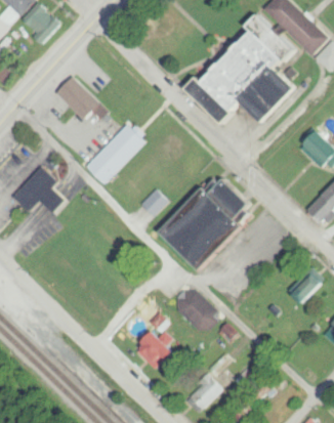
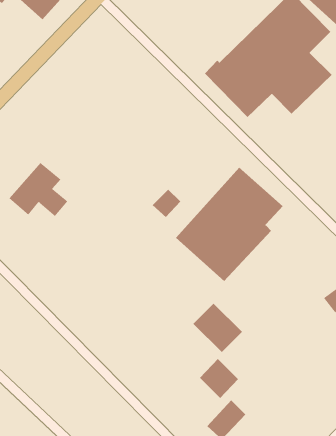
building: [57,77,100,121] -> none
building: [85,124,144,184] -> none
building: [137,333,172,369] -> [199,358,239,399]

